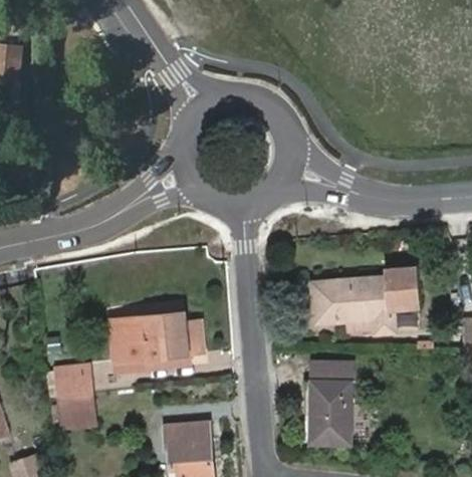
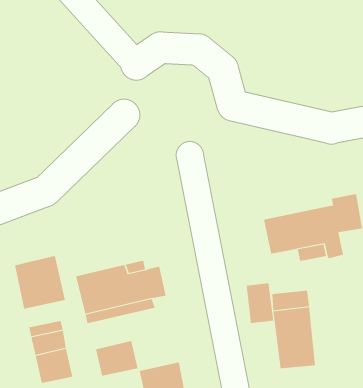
building: none -> [15,255,65,309]
building: none -> [246,283,274,324]
building: none -> [96,340,138,377]

